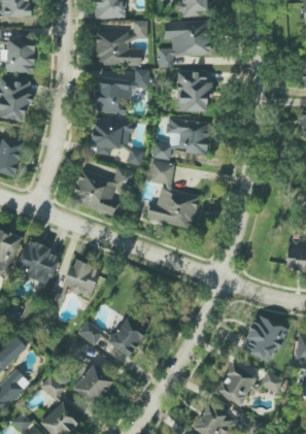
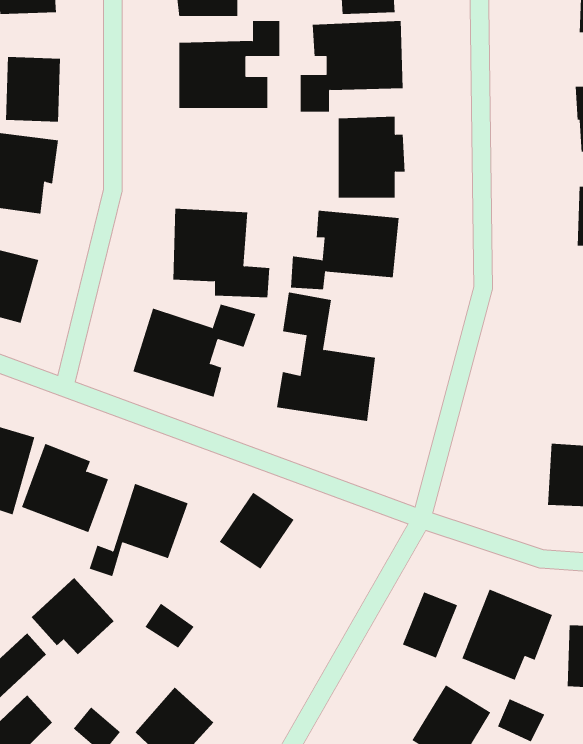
building: [96,69,148,111] -> none
building: none -> [31,577,114,655]
building: none -> [402,591,458,659]
building: [107,316,146,357] -> [219,492,295,570]

